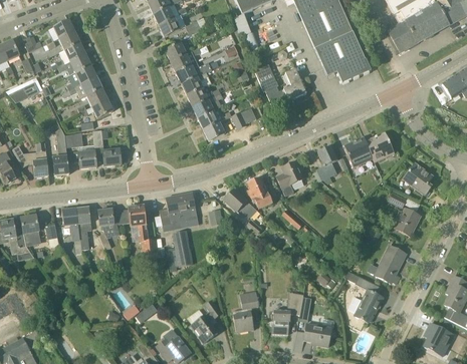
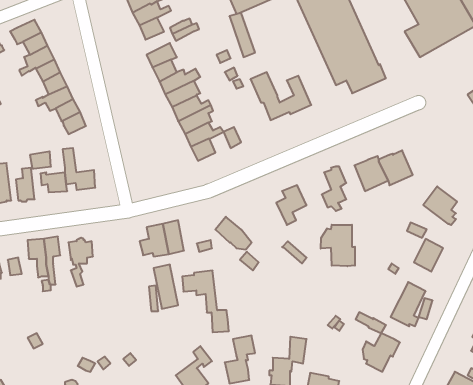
building: [247,176,271,209] -> none
building: none -> [321,225,355,266]
building: [118,205,158,258] -> [182,271,229,332]

